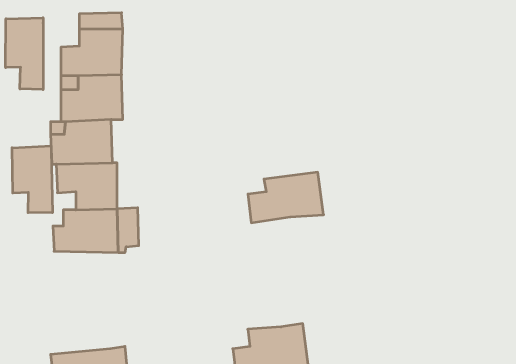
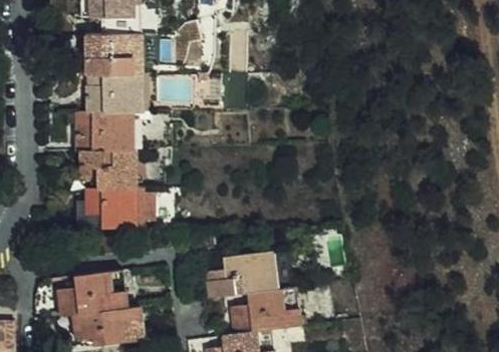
building: [6,18,43,90] -> none
building: [12,146,52,213] -> none
building: [248,172,324,223] -> [210,256,276,300]
building: none -> [59,272,127,318]

